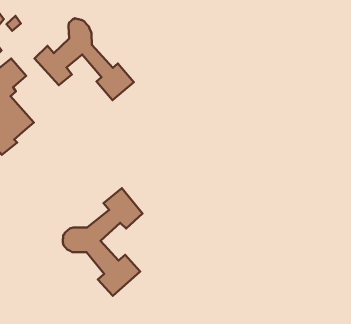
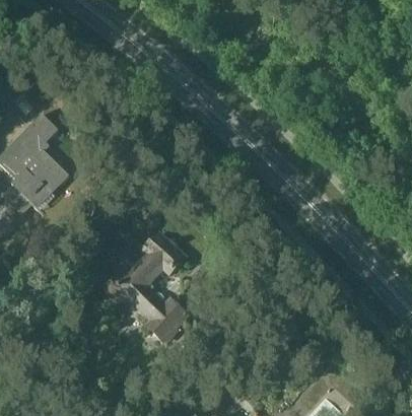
building: [34,18,134,100] -> none

